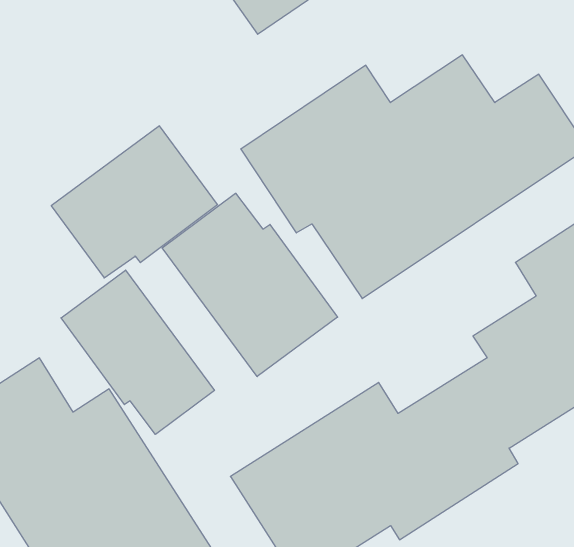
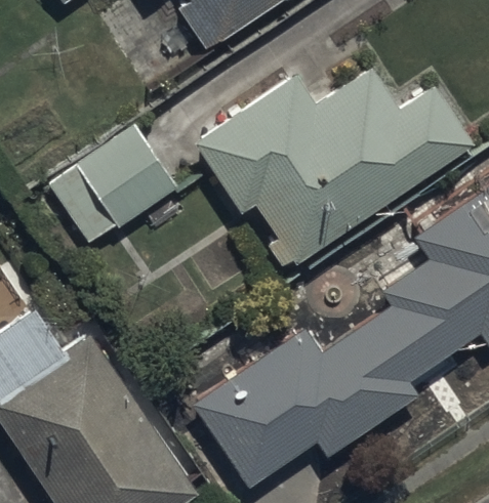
building: [162,193,338,377] -> none
building: [61,270,214,434] -> none

